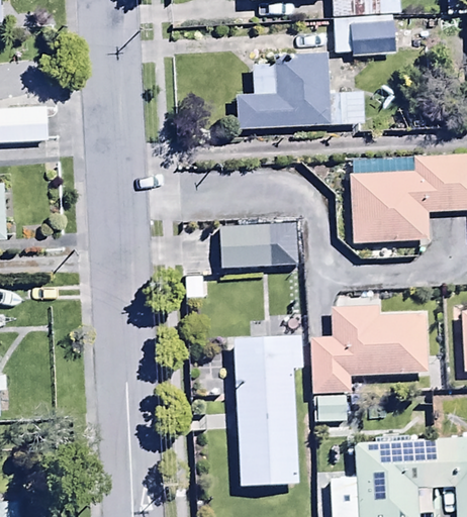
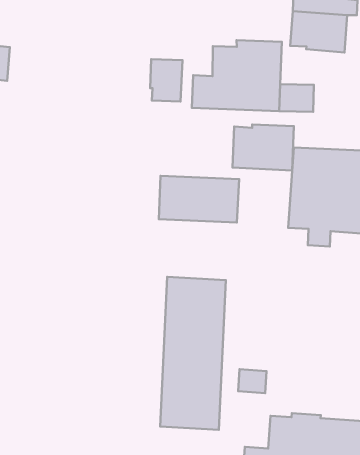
building: none -> [150,59,182,102]
building: none -> [233,124,294,170]
building: [311,310,430,395] -> none

